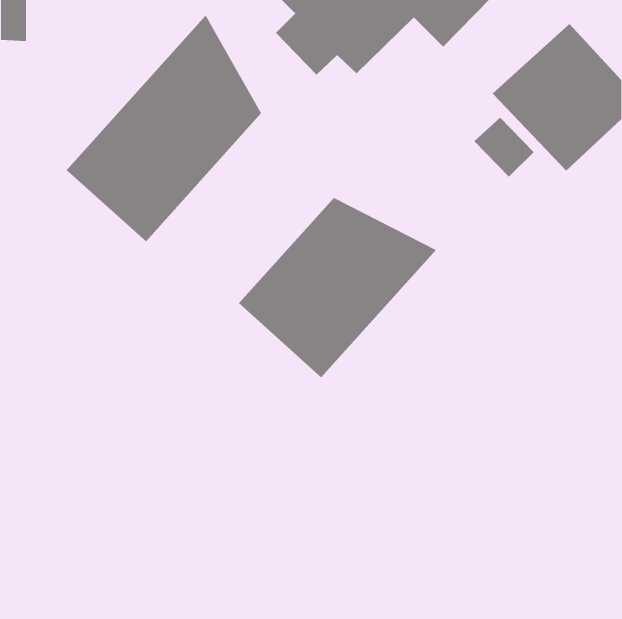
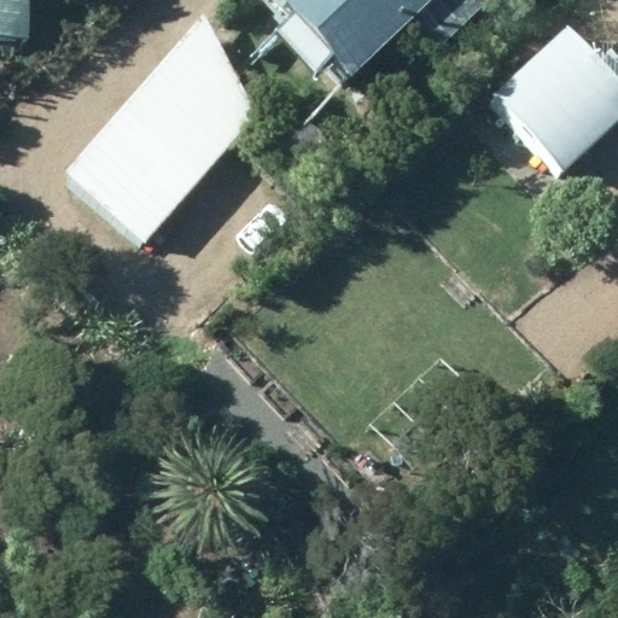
building: [238,197,437,378] -> none

